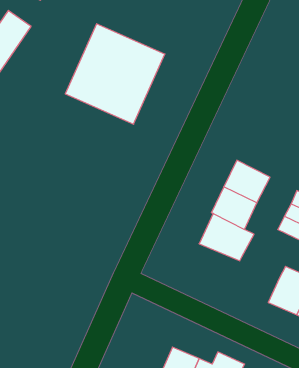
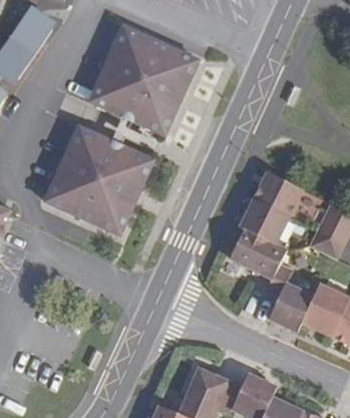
building: none -> [43,125,148,233]
building: none -> [267,274,314,331]

